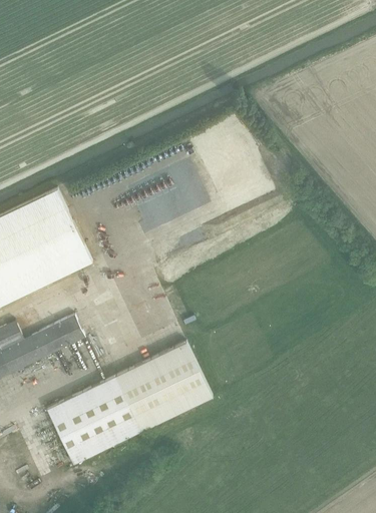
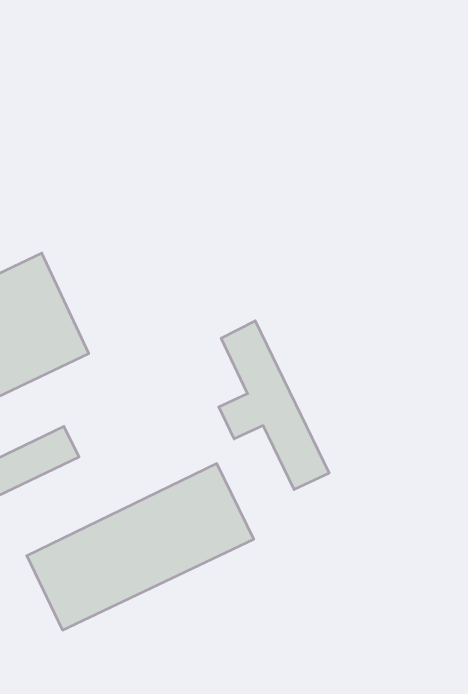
building: none -> [219,321,329,490]

